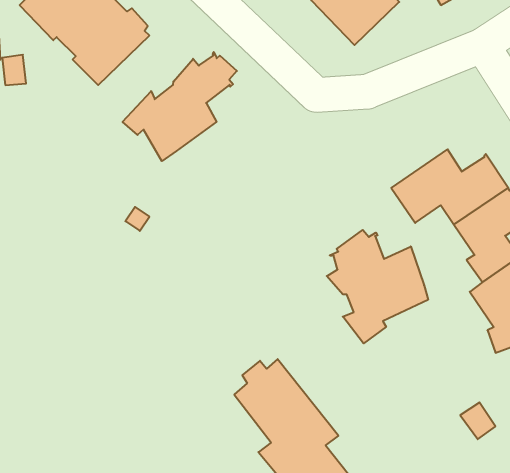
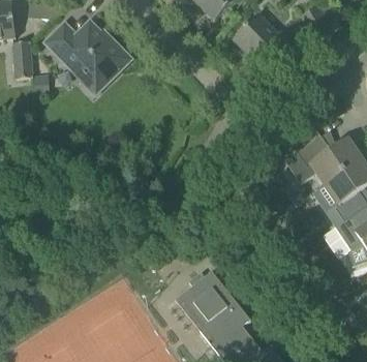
building: [123,52,237,161] -> none
building: [327,230,428,343] -> none

